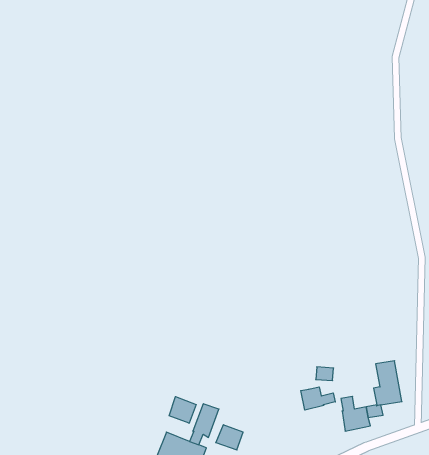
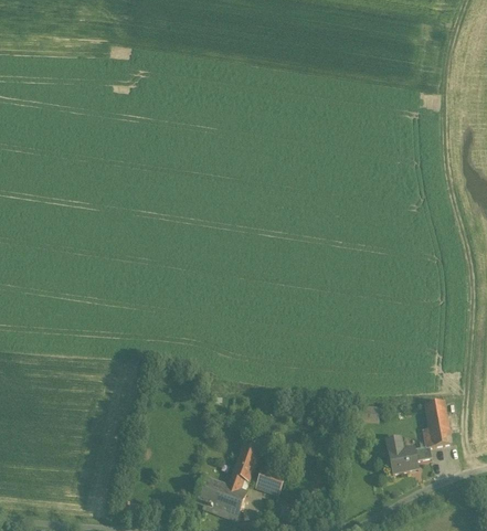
building: [301,387,335,410] -> none
building: [169,397,196,423] -> none

